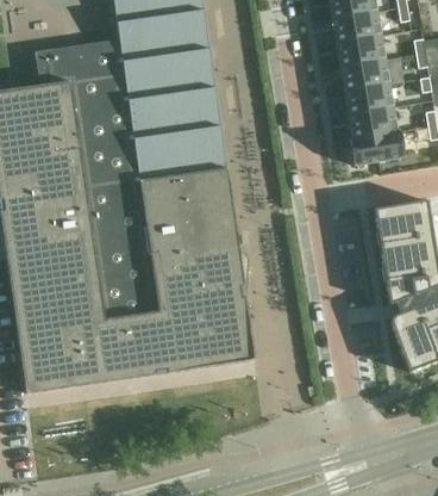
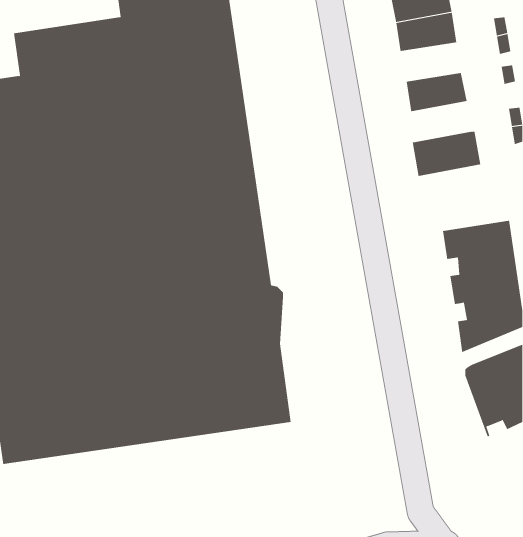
building: [339,58,388,89] -> none
building: [348,105,396,137] -> none

